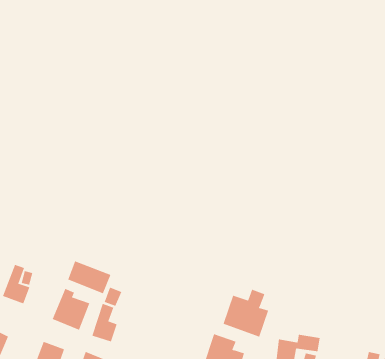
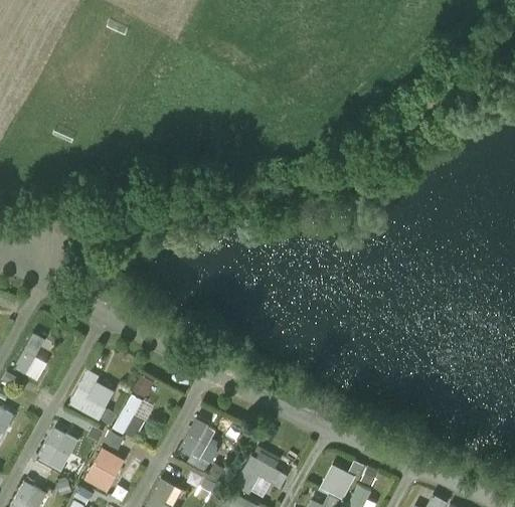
building: [68,260,111,294] -> none
building: [223,289,269,338] -> none
building: none -> [176,418,221,467]

